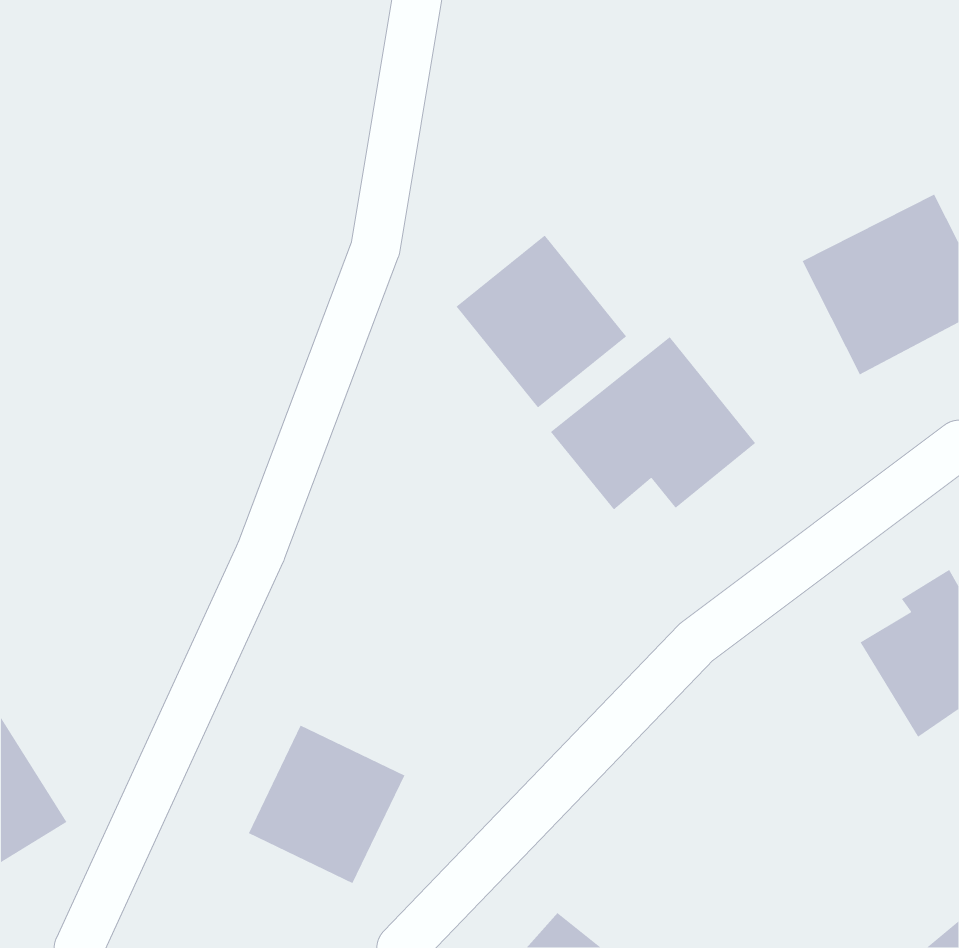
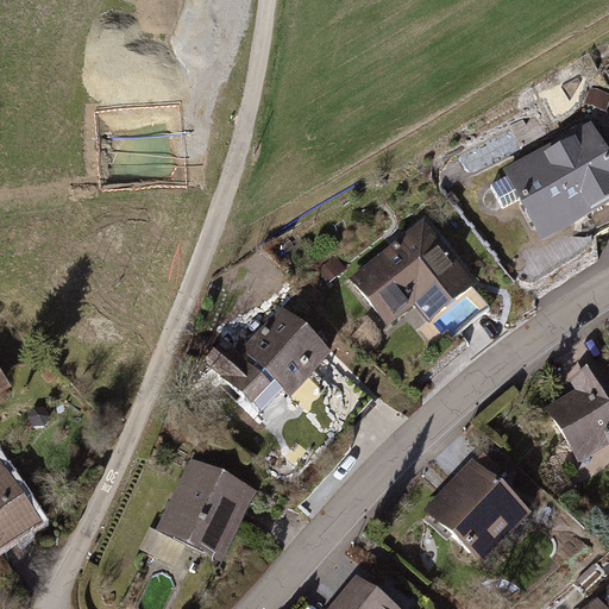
building: [456,234,627,408] -> none
building: none -> [209,309,332,409]
building: none -> [423,456,535,569]

